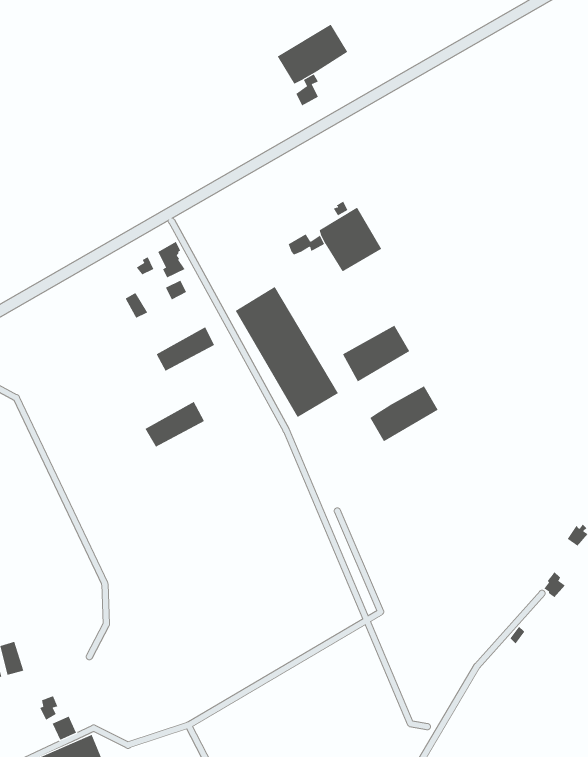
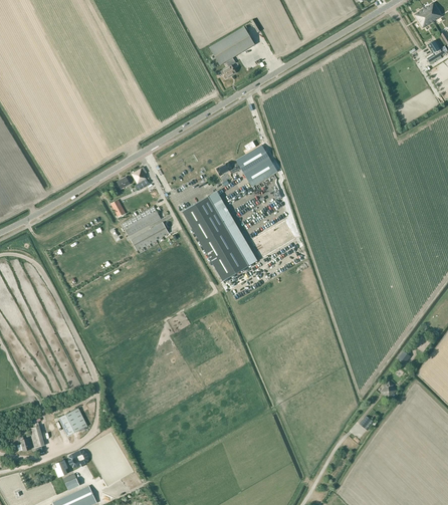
building: [369,385,438,442] -> none
building: [145,401,205,448] -> [123,205,162,235]
building: none -> [59,407,88,435]

